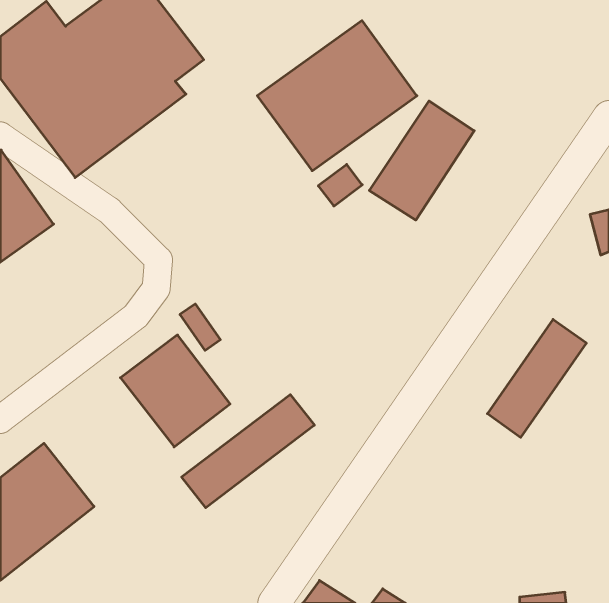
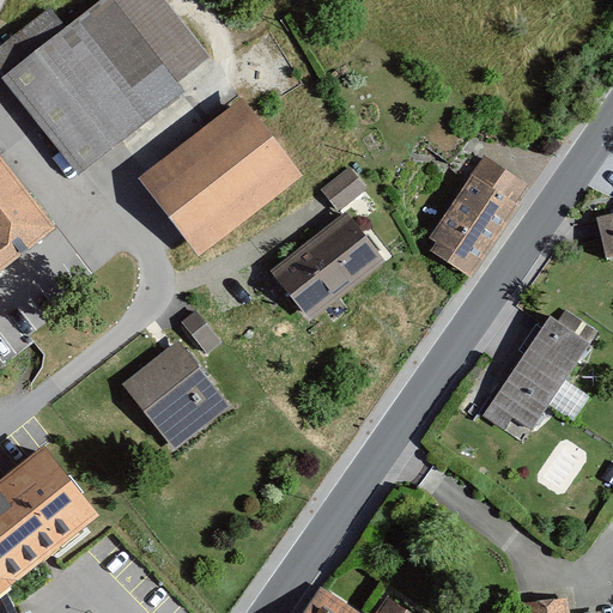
building: [257,21,417,171] -> [139,98,299,249]
building: [369,101,474,220] -> [419,158,524,278]
building: none -> [267,213,384,323]
building: [182,395,314,508] -> none

